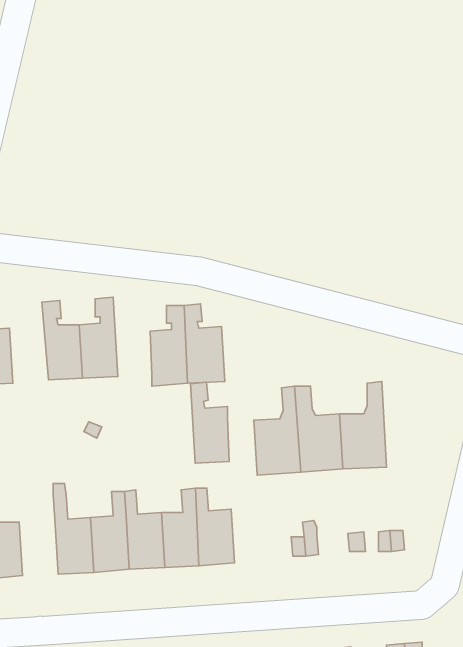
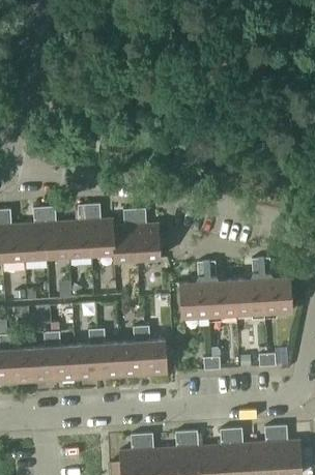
building: none -> [23,208,48,260]
building: none -> [261,259,292,314]
building: [190,382,229,463] -> [89,204,114,256]
building: none -> [29,331,54,383]

